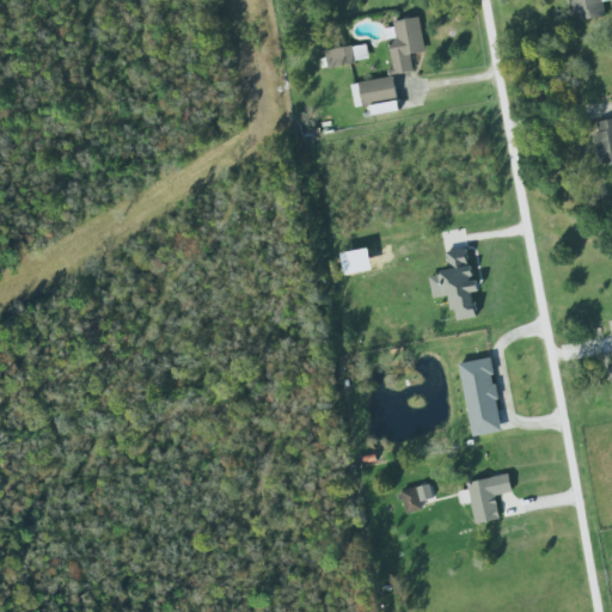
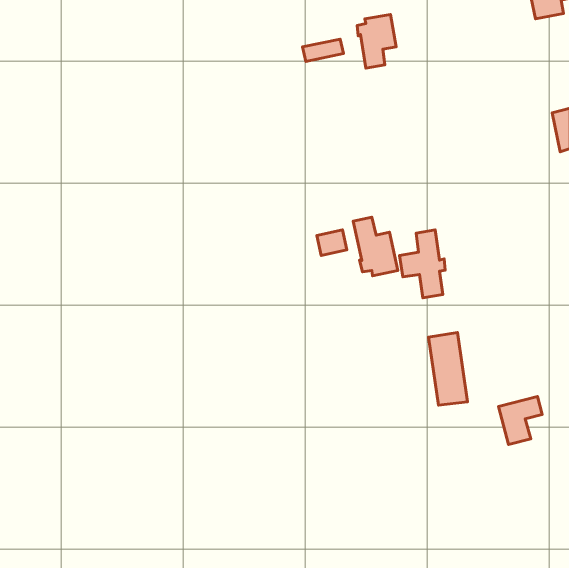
building: [351,75,399,114] -> none
building: none -> [353,217,398,276]
building: [466,471,513,522] -> [499,397,542,445]
building: [399,482,434,512] -> none

